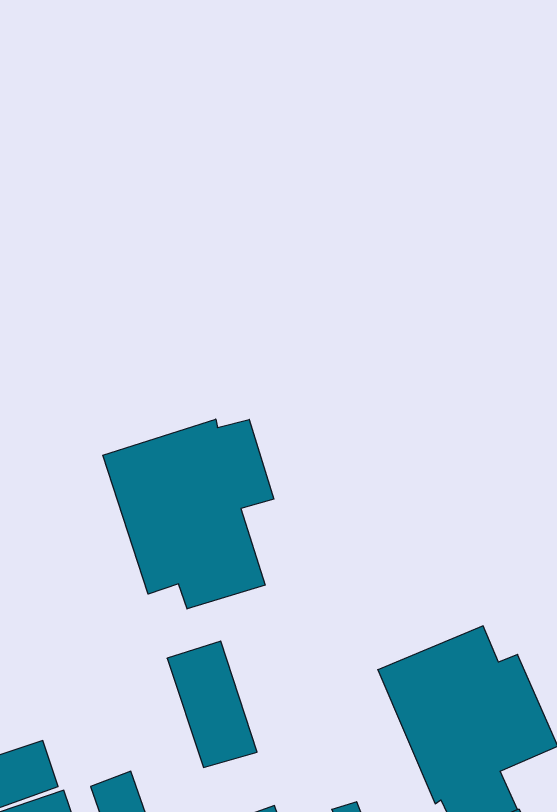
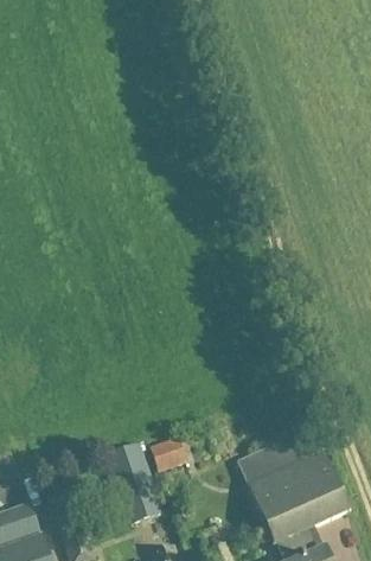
building: [103,419,274,609] -> none
building: none -> [148,435,186,471]

